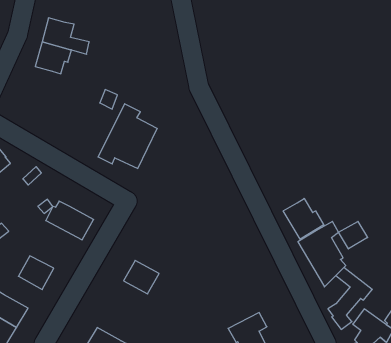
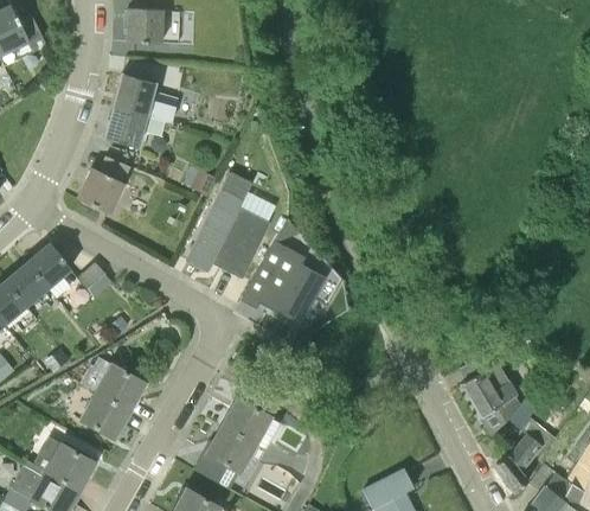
building: none -> [78,167,123,212]
building: none -> [242,241,342,324]
building: [283,198,324,239] -> none
building: [46,201,94,240] -> [81,357,145,409]
building: [339,221,368,249] -> none
building: none -> [194,426,255,492]

